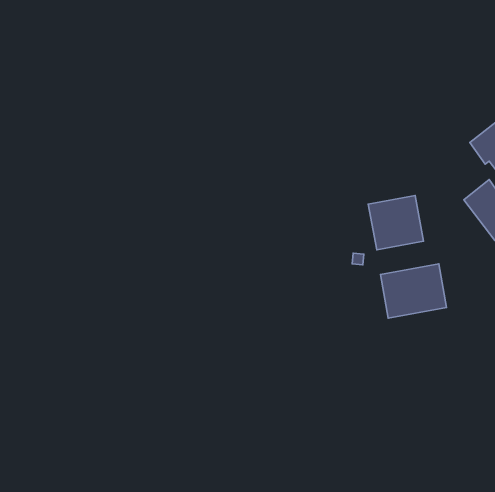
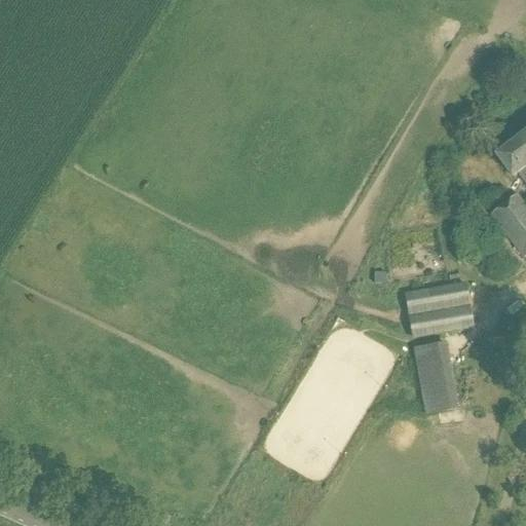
building: [368,196,424,250] -> none
building: none -> [413,339,459,412]

